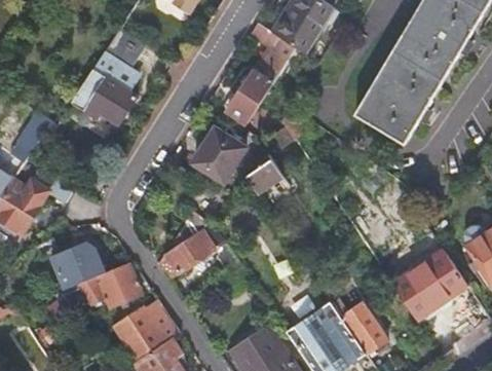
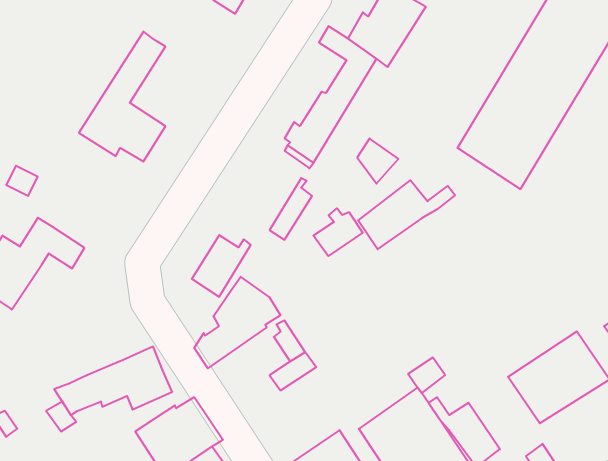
building: [194,128,238,175] -> [192,235,251,297]
building: none -> [358,180,455,249]
building: [50,240,105,290] -> none

